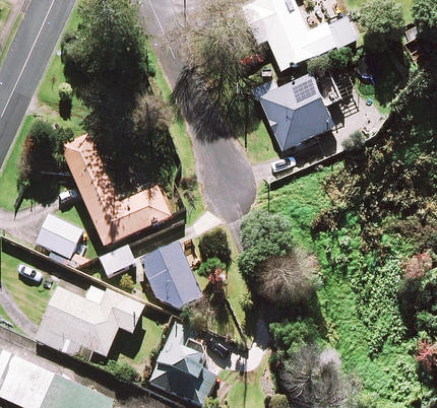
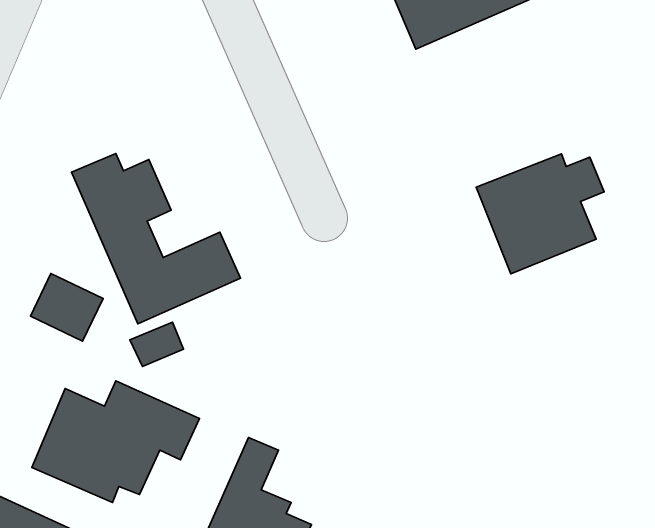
building: [259,73,341,150] -> [476,154,604,274]
building: [137,245,200,310] -> none

